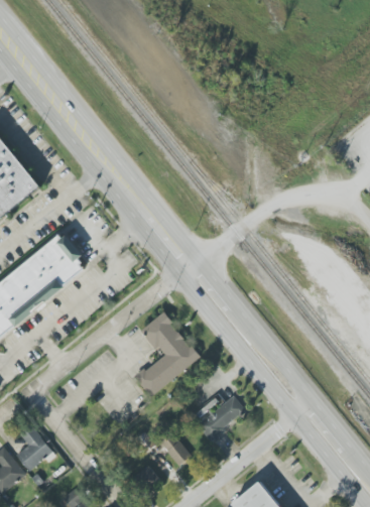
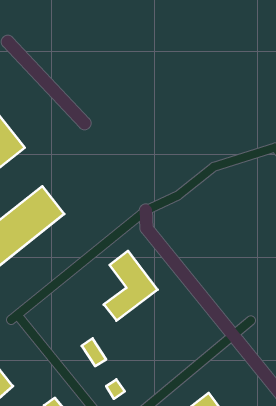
building: [192,394,246,439] -> none
building: [16,425,52,470] -> none
building: [161,432,191,466] -> [82,338,106,366]

